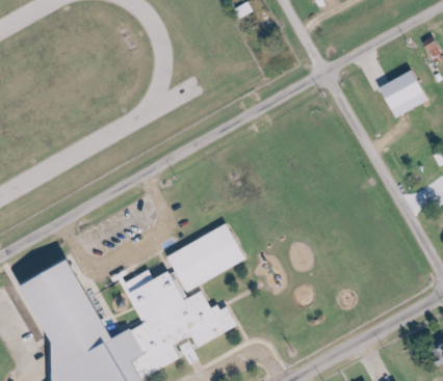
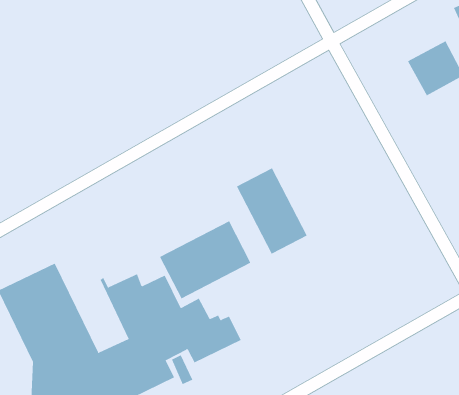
building: none -> [236,168,307,254]

